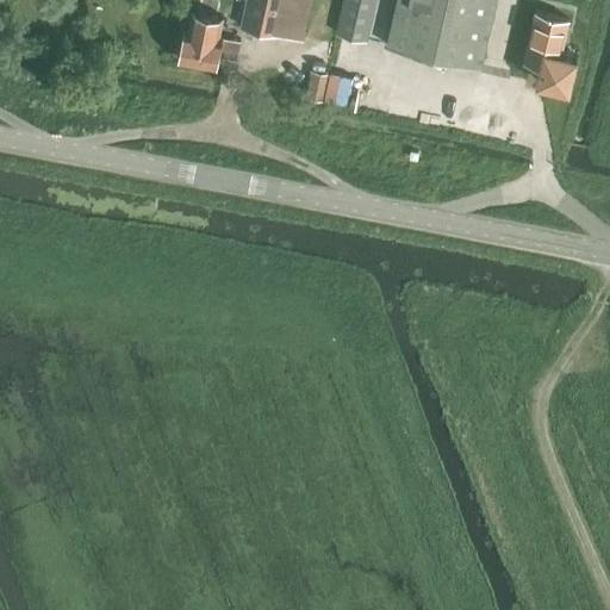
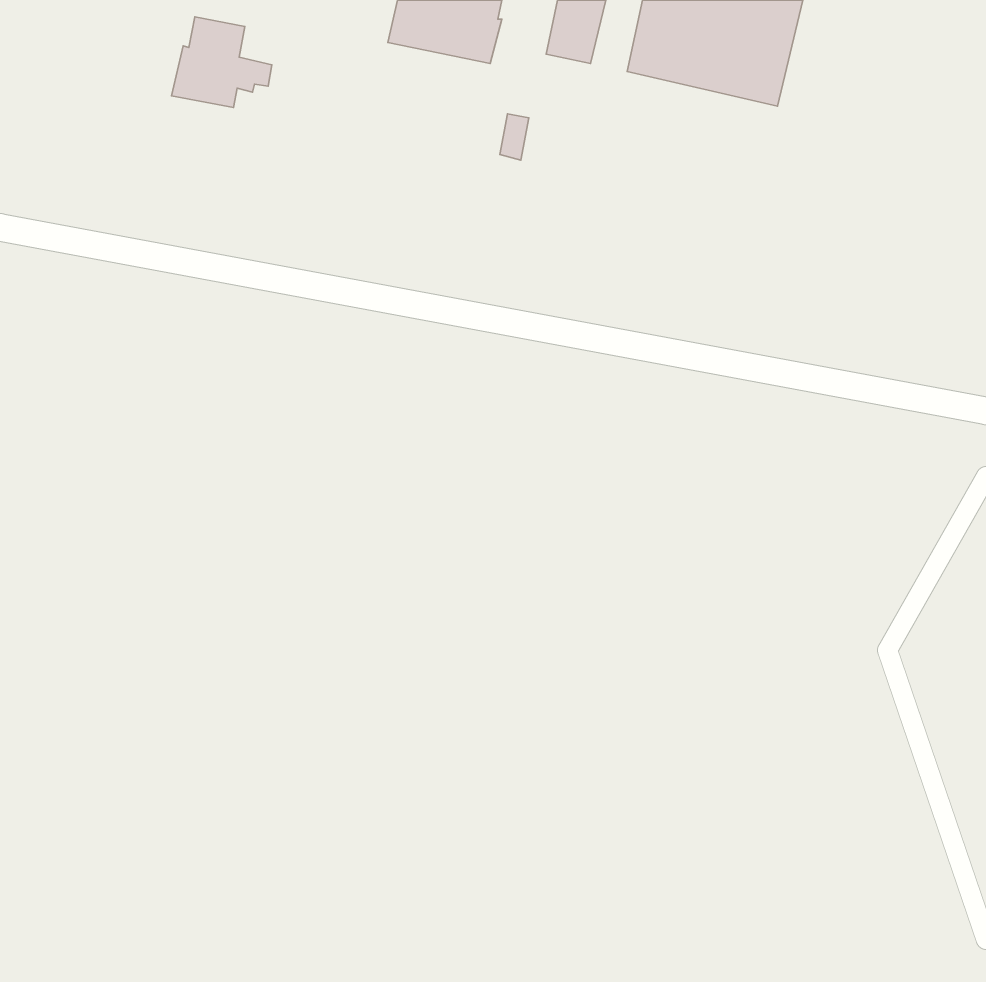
building: [523,11,578,89] -> none
building: [179,12,241,68] -> [172,17,272,107]

